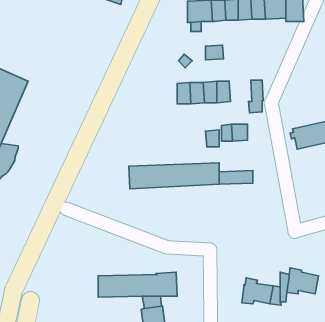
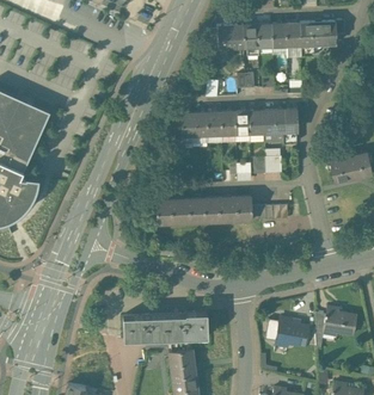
building: none -> [262,110,286,132]
building: none -> [180,113,207,136]

